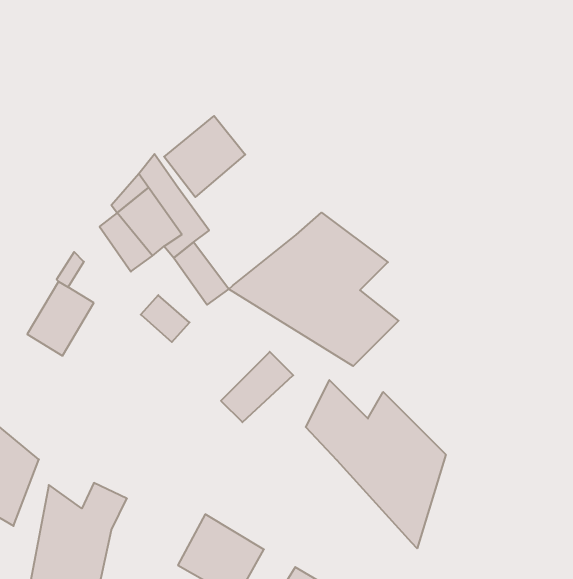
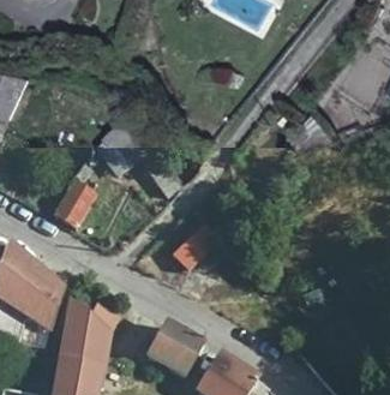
building: [164,116,245,197] -> none
building: [229,213,399,366] -> none
building: [306,380,446,548] -> none

